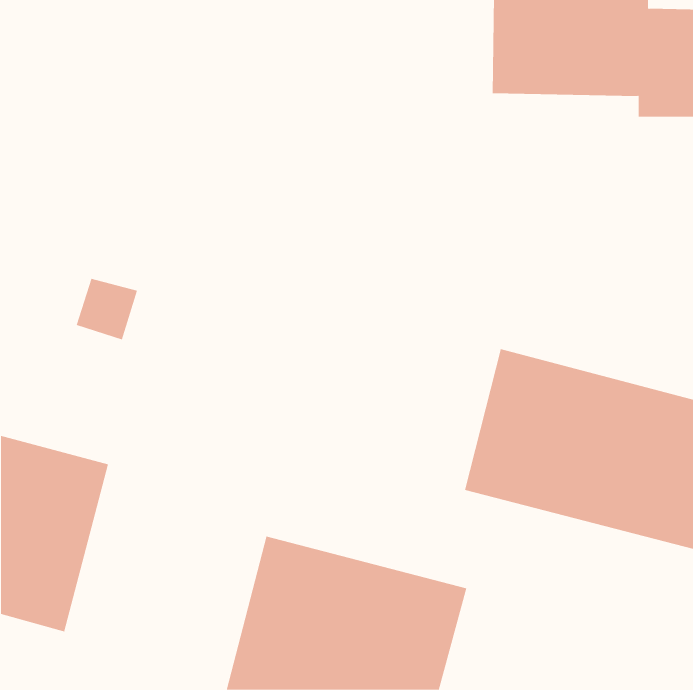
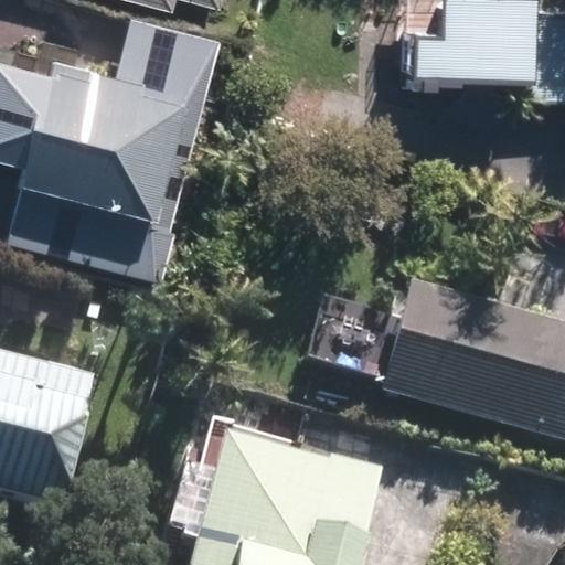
building: none -> [17,54,186,213]

